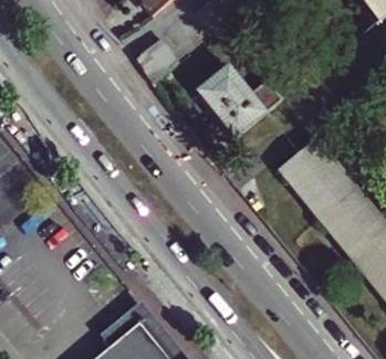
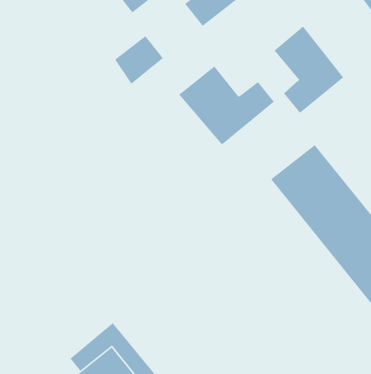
building: none -> [274,25,344,114]

